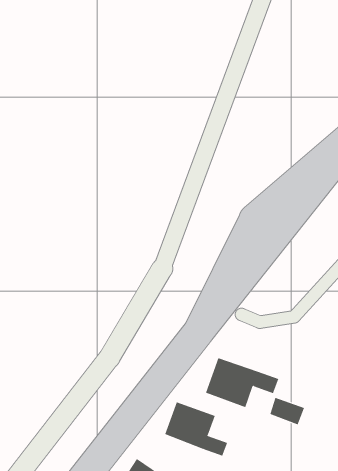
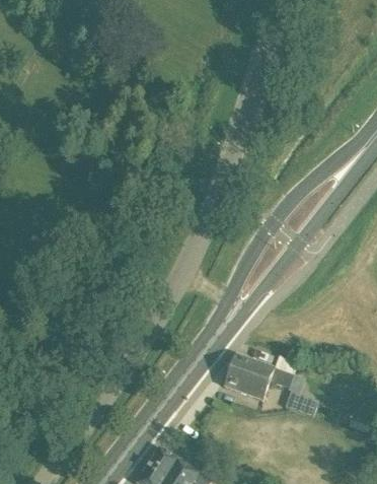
building: [164,401,228,456] -> none

